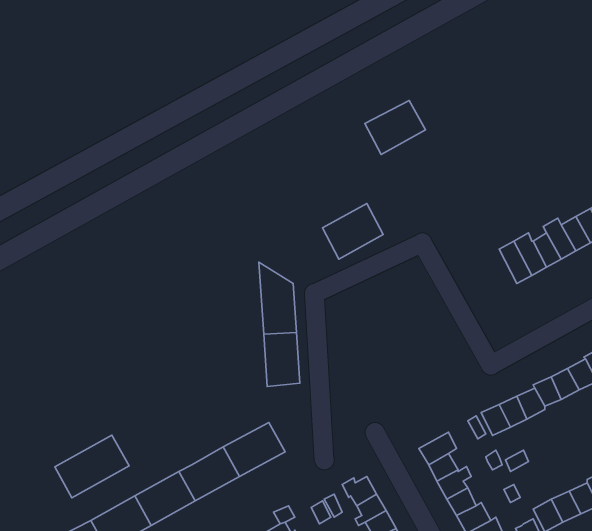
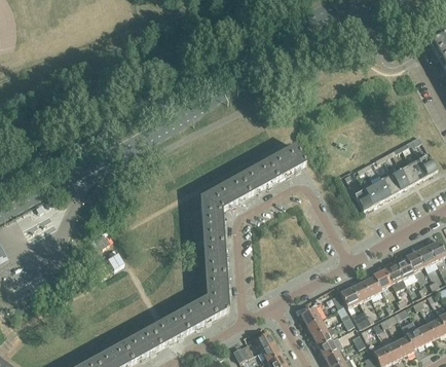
building: [365,100,425,154] -> [268,144,306,178]
building: none -> [200,174,251,209]
building: none -> [206,271,229,315]
building: [55,435,129,498] -> none

